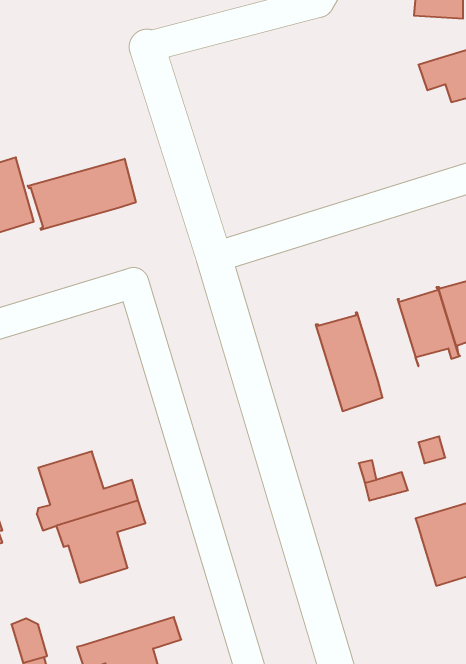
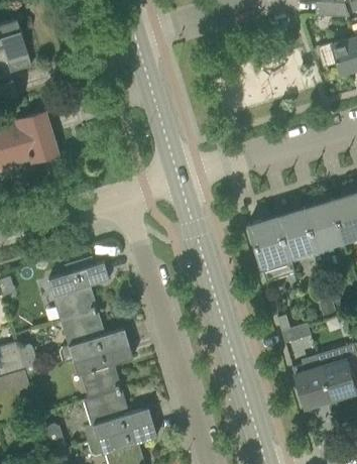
building: [28,159,136,230] -> none
building: none -> [276,208,319,263]
building: none -> [47,263,109,322]
building: none -> [292,362,330,410]
building: none -> [88,389,152,442]

